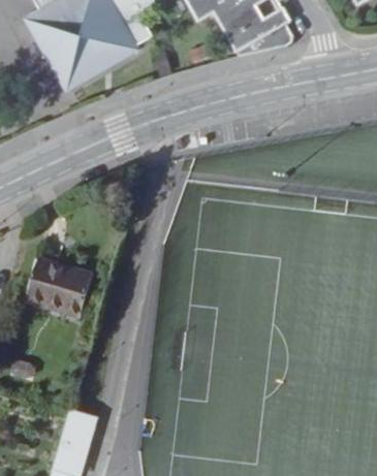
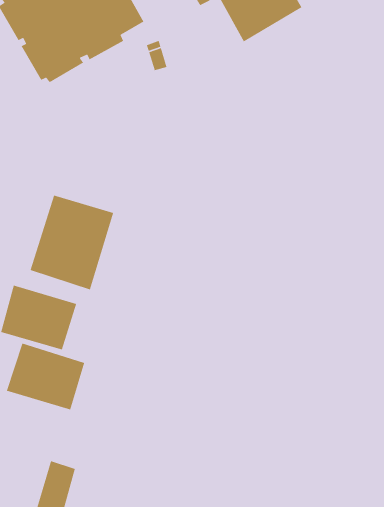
building: none -> [29,194,114,290]
building: none -> [6,342,85,411]

